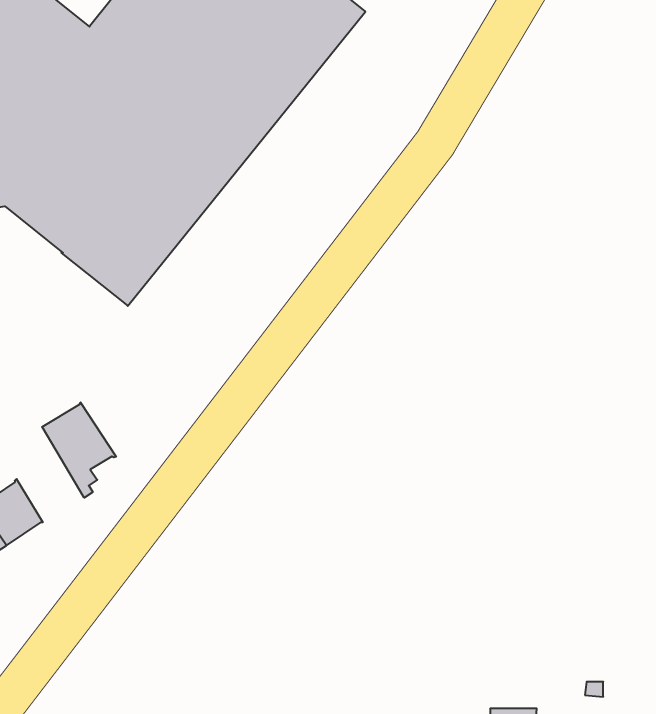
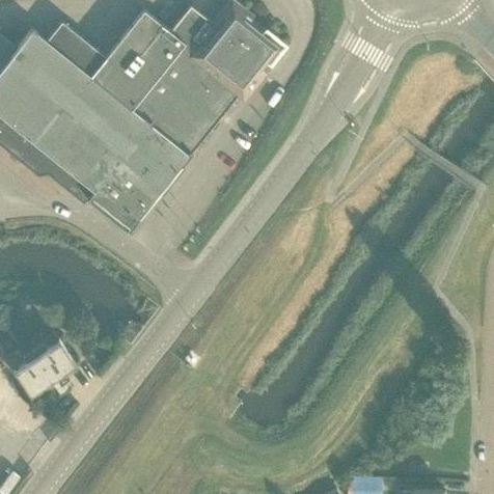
building: [42,402,116,498] -> none

